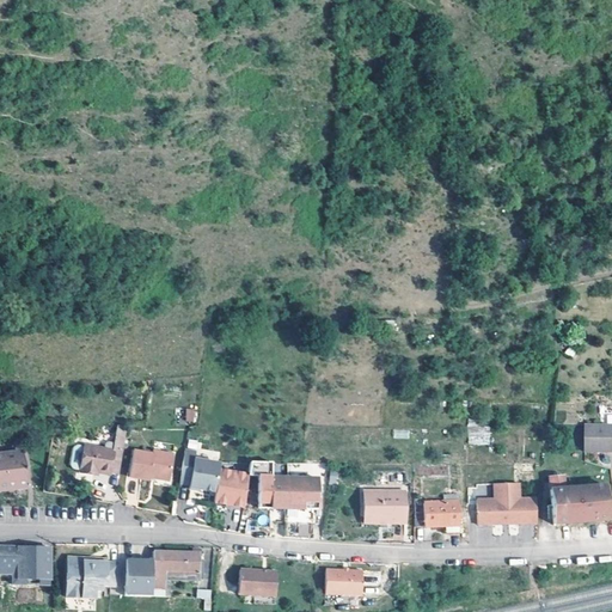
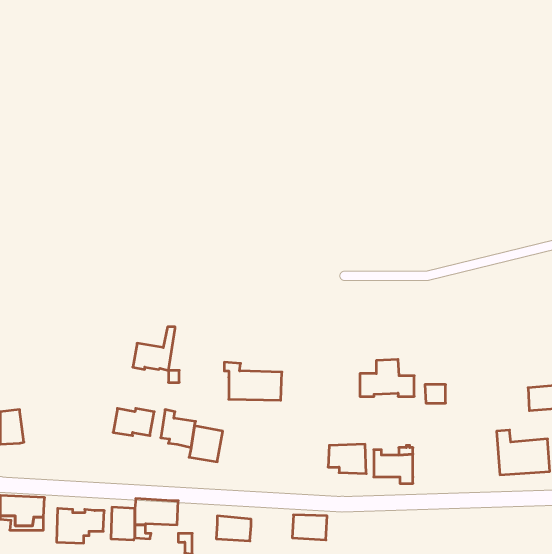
building: [80,426,127,473] -> [133,327,175,370]
building: [255,465,318,507] -> [224,362,282,400]
building: [477,481,537,521] -> [360,359,414,396]

